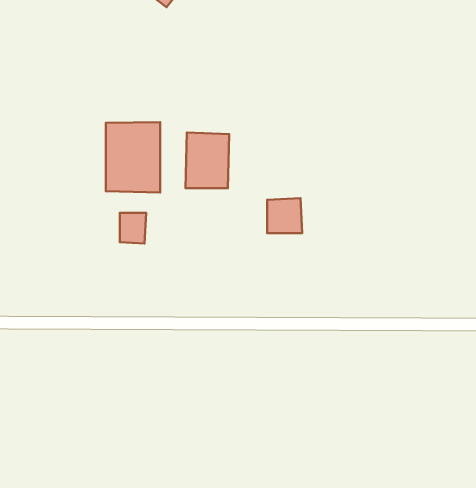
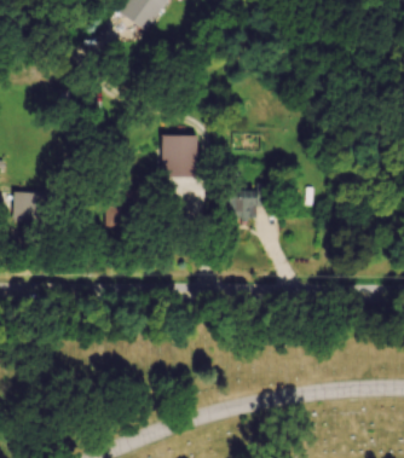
building: [106,122,160,192] -> none
building: none -> [12,192,44,224]

